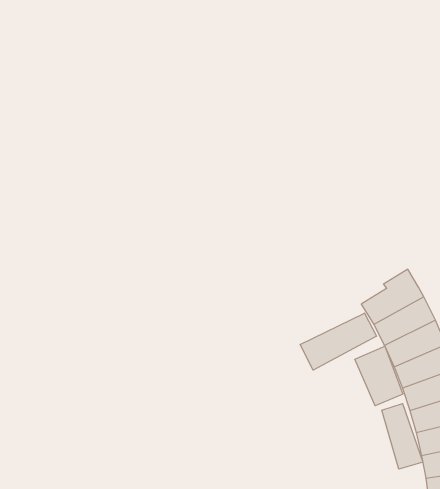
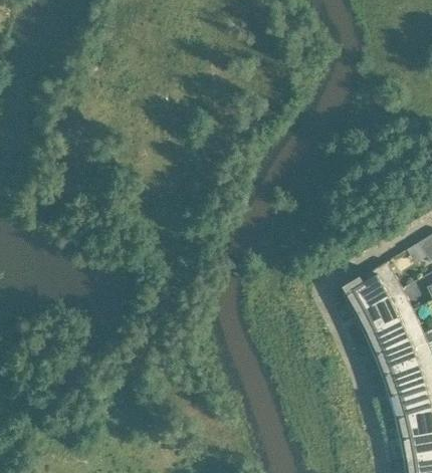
building: [300,313,376,370] -> none
building: [355,346,403,406] -> none
building: [382,404,423,469] -> none

